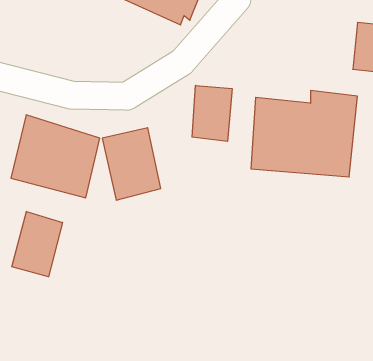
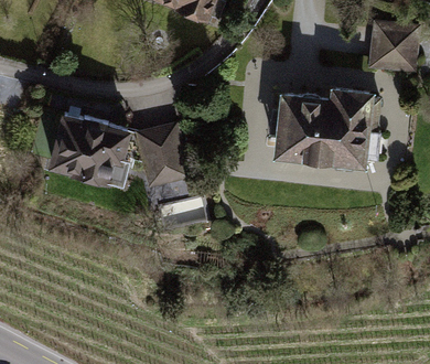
building: [192,85,232,141] -> none
building: [12,211,62,277] -> none

